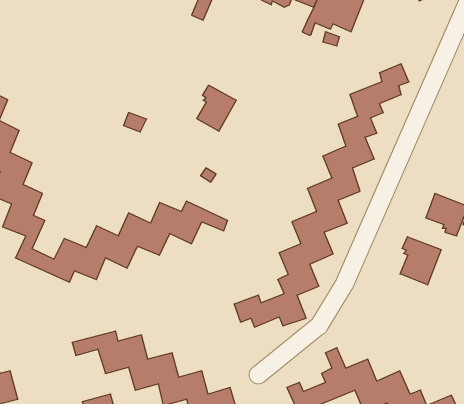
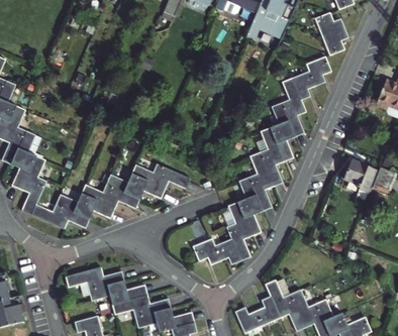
building: none -> [316,12,347,53]
building: [197,85,236,131] -> none
building: [400,237,441,285] -> none

